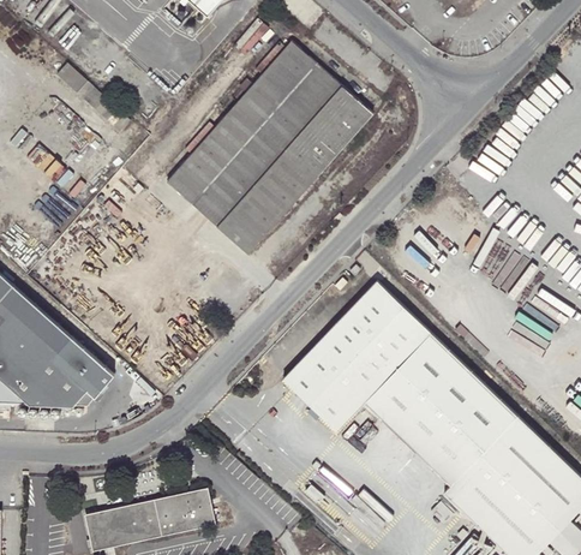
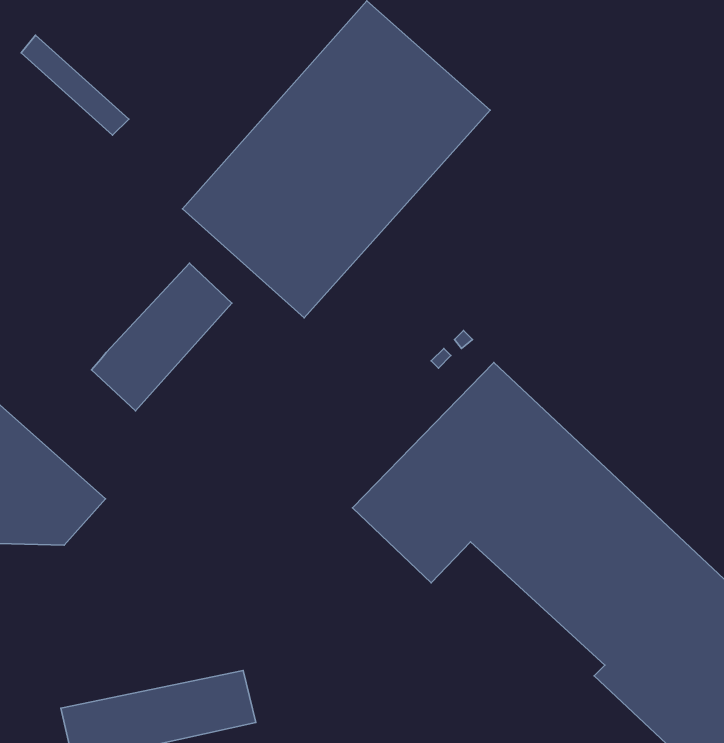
building: none -> [92,263,232,411]

